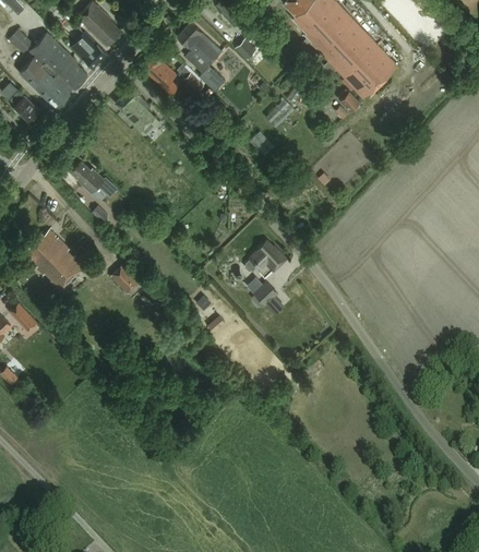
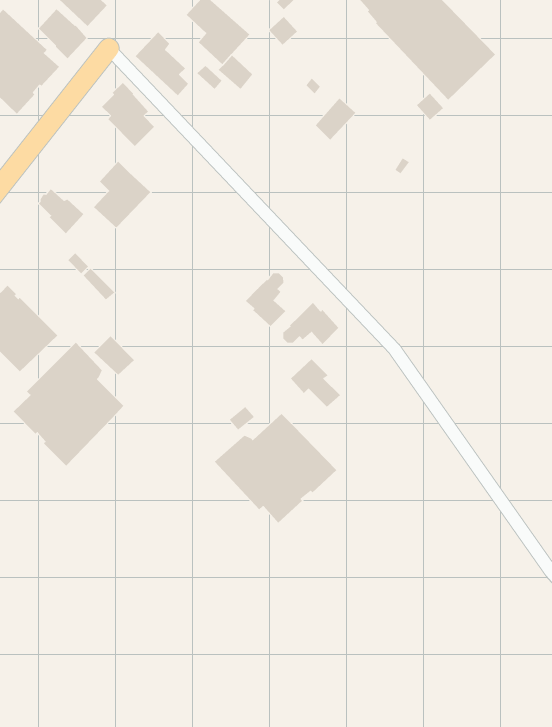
building: none -> [93,161,151,229]
building: none -> [245,273,286,327]
building: none -> [13,342,124,467]
building: none -> [214,413,337,523]

